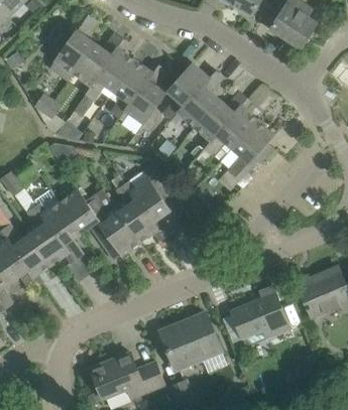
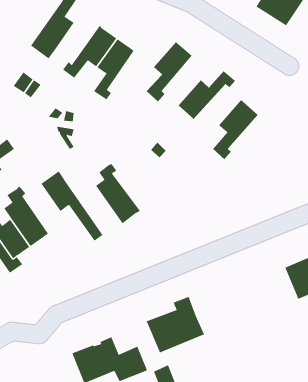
building: [74,33,126,86] -> none
building: [125,62,166,124] -> none
building: [179,67,223,126] -> none
building: [200,106,255,154] -> none
building: [130,179,170,240] -> none
building: [85,188,139,253] -> none
building: [42,202,82,262] -> none
building: [230,285,289,339] -> none

